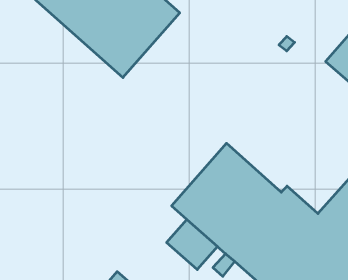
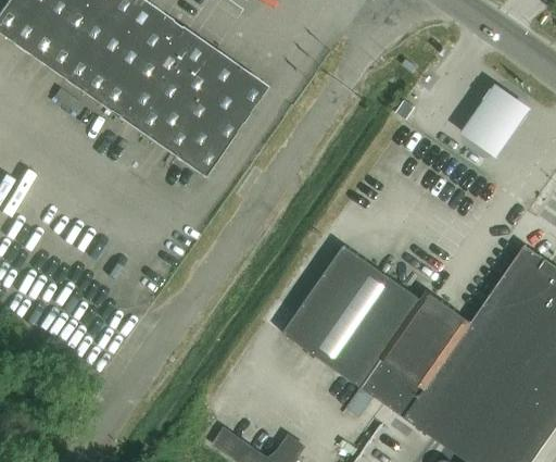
building: [167,220,218,270] -> none

